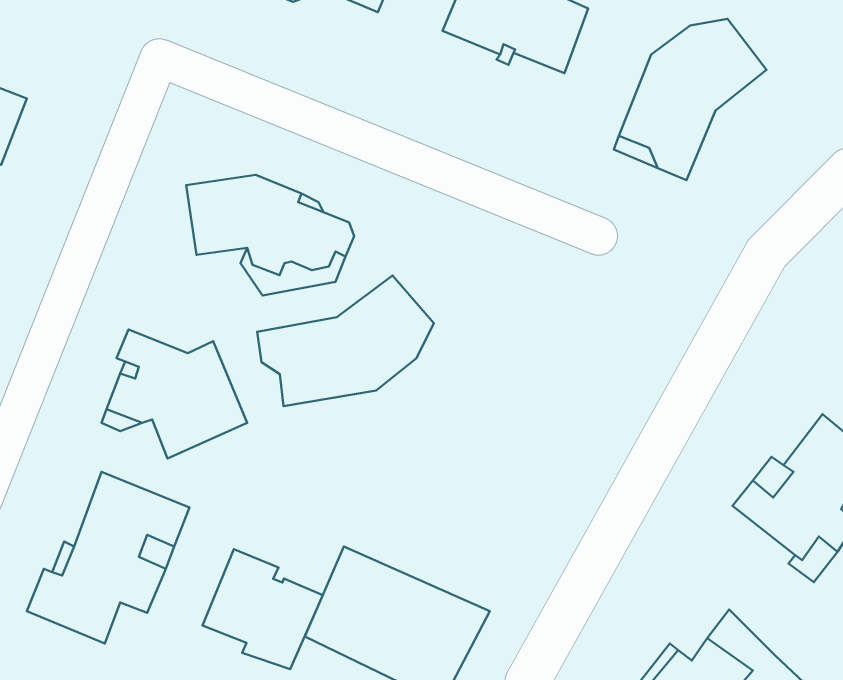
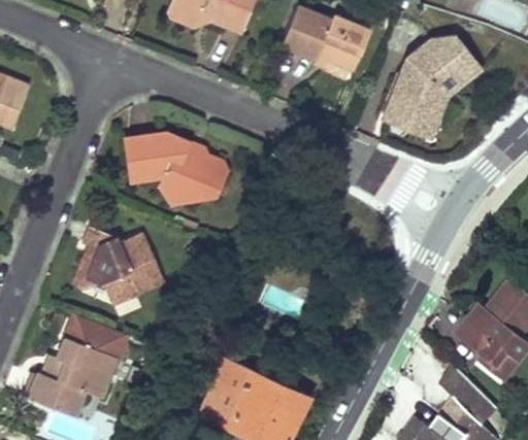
building: [257,275,434,406] -> none
building: [203,549,323,669] -> none
building: none -> [440,363,499,424]

